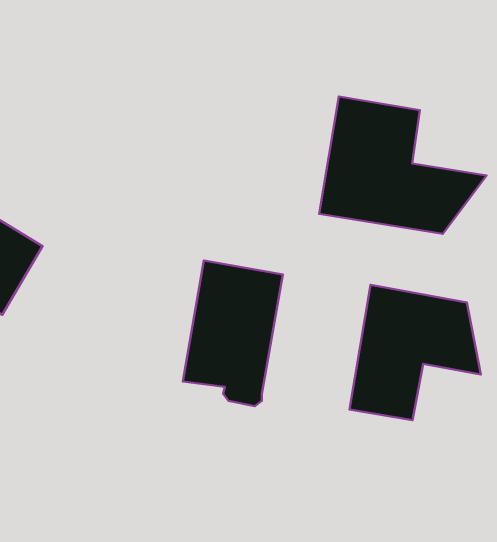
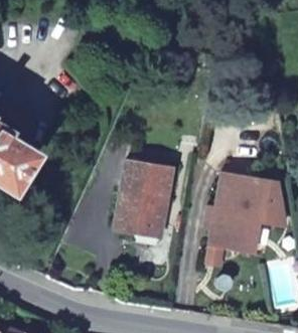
building: [319,96,486,234] -> none

